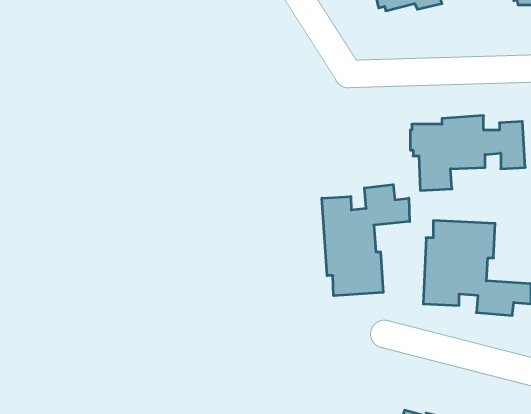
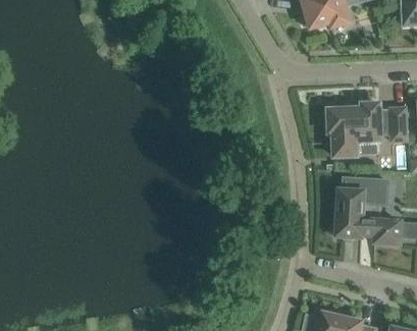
building: [322,185,410,296] -> none

